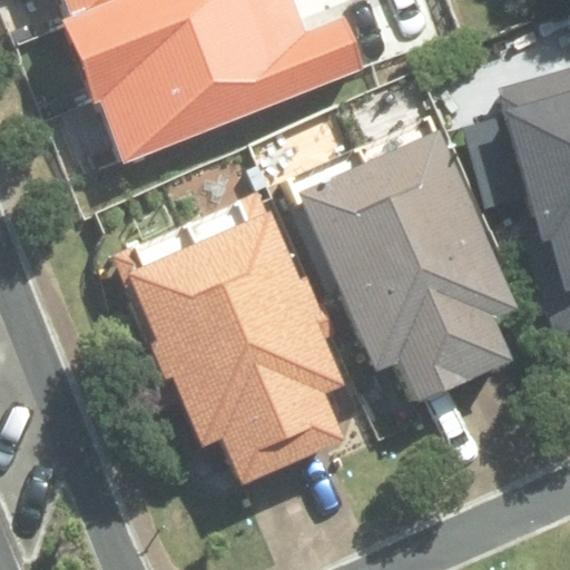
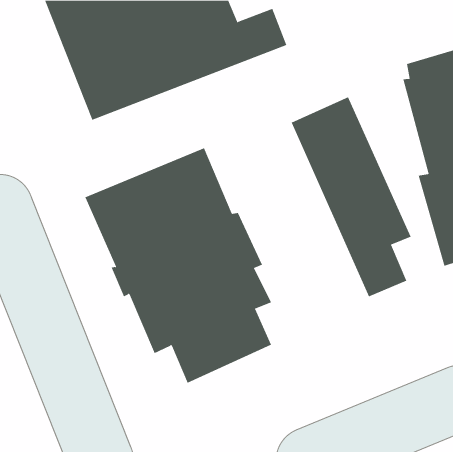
building: [299,161,464,399] -> none

